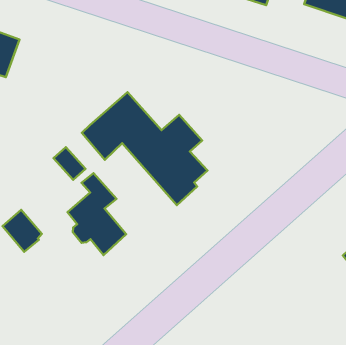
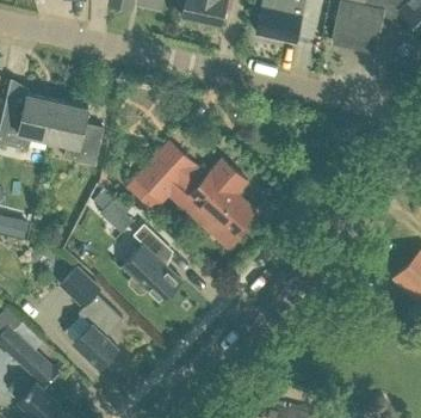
building: none -> [48,102,103,165]
building: none -> [74,295,122,367]

